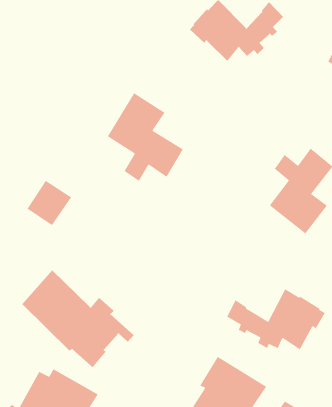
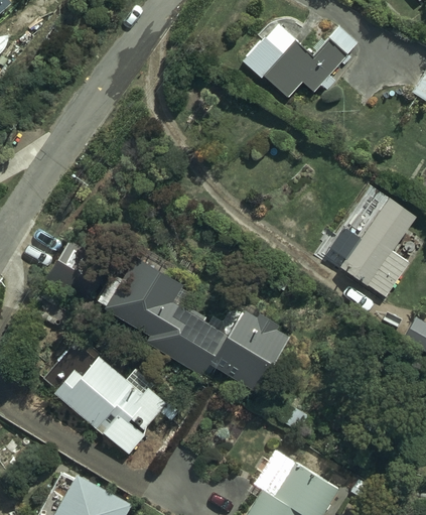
building: [107,92,184,182] -> none
building: none -> [97,252,289,400]
building: [226,288,326,351] -> none

